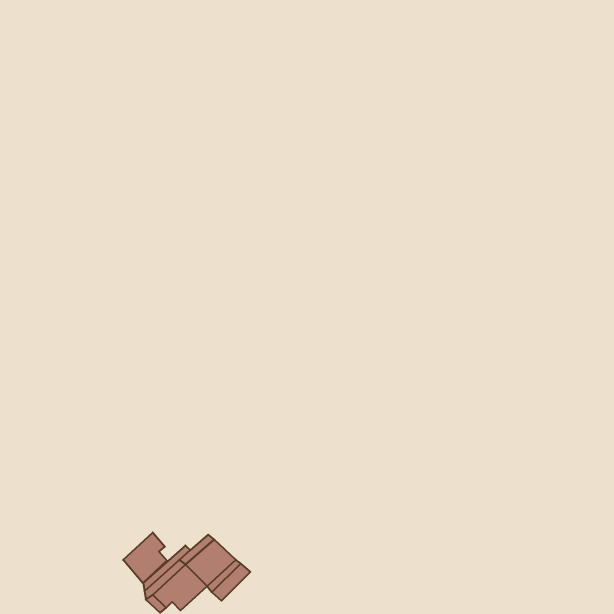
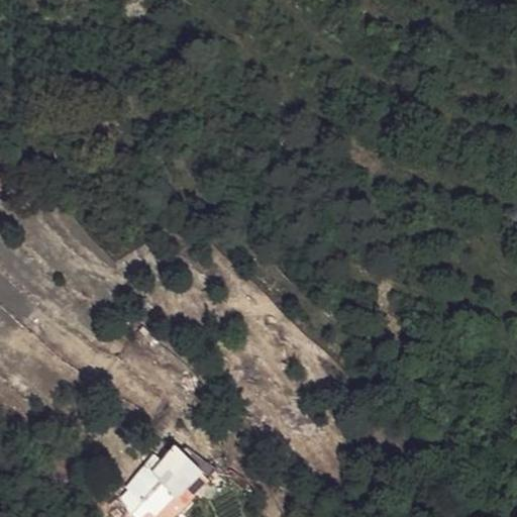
building: [123,532,167,583] -> none

